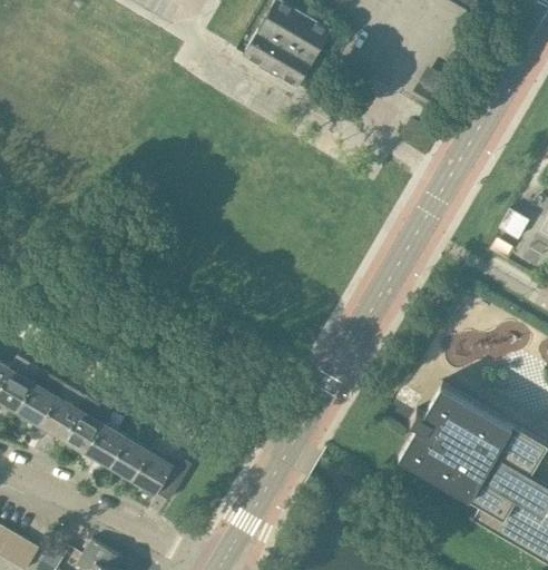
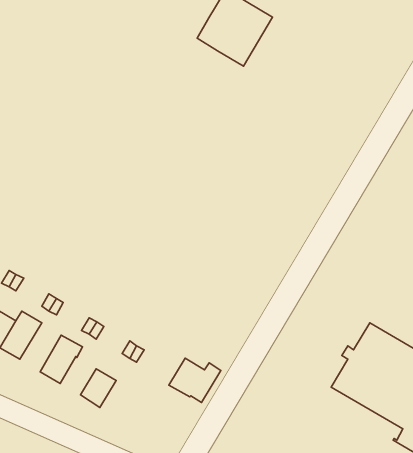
building: [38,384,86,441] -> none
building: [85,423,126,468] -> none
building: [130,451,190,502] -> [169,358,221,402]

